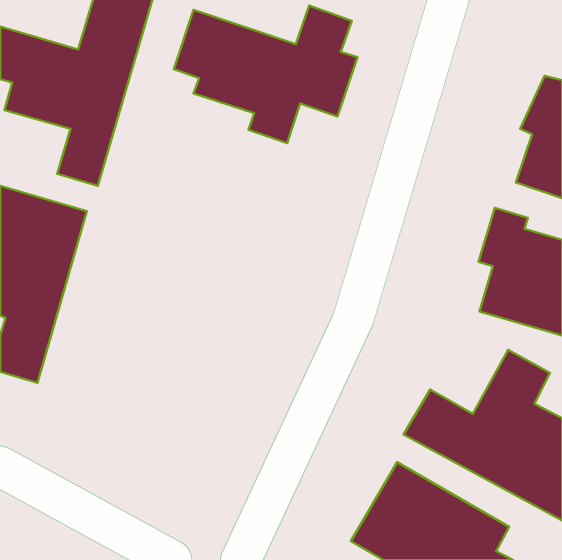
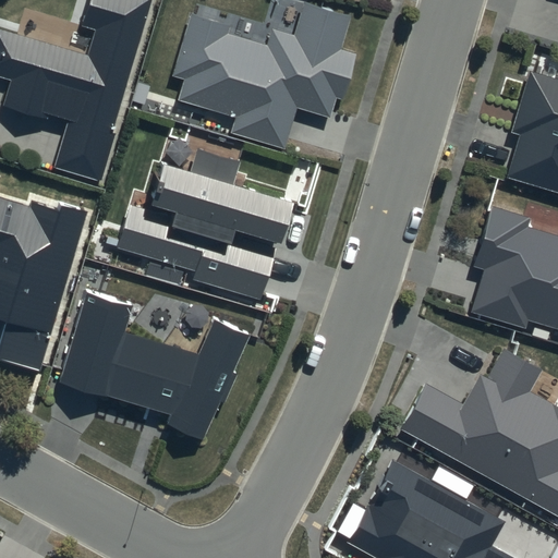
building: none -> [113,163,290,296]
building: none -> [62,291,251,441]

